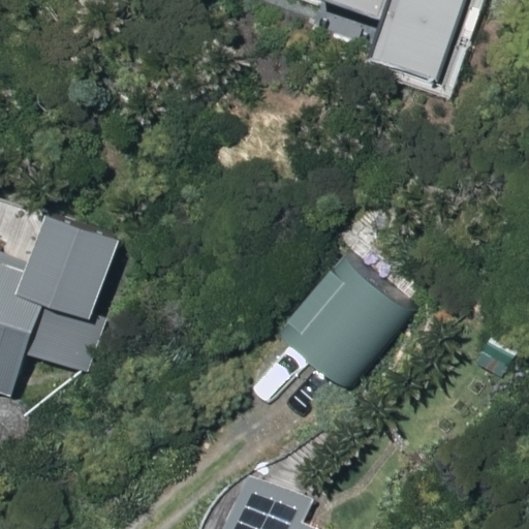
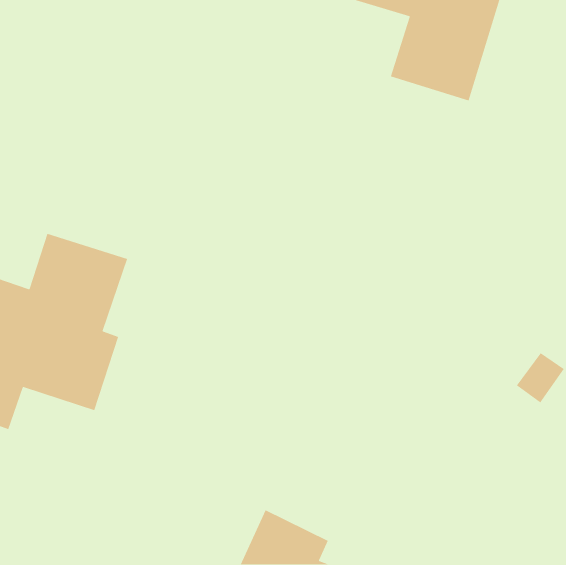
building: [275,246,416,388] -> none

